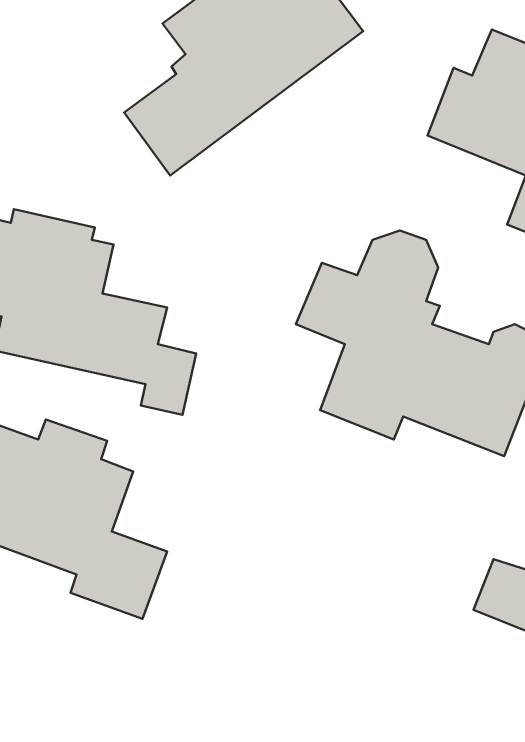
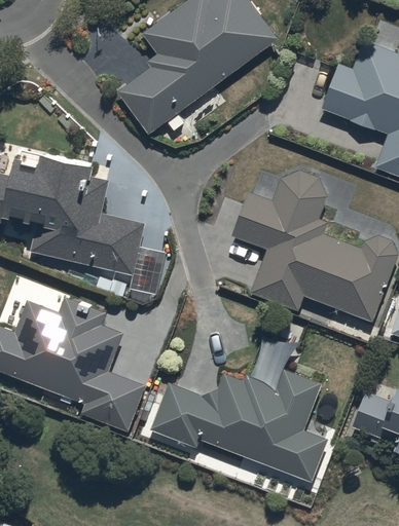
building: none -> [149,370,327,479]

